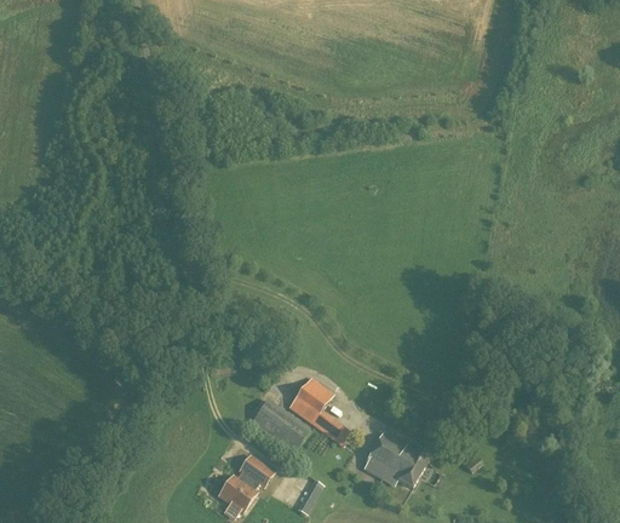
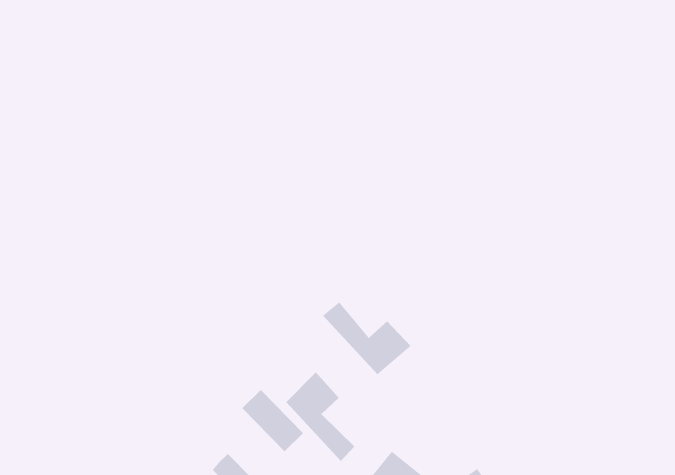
building: none -> [322,302,412,375]

